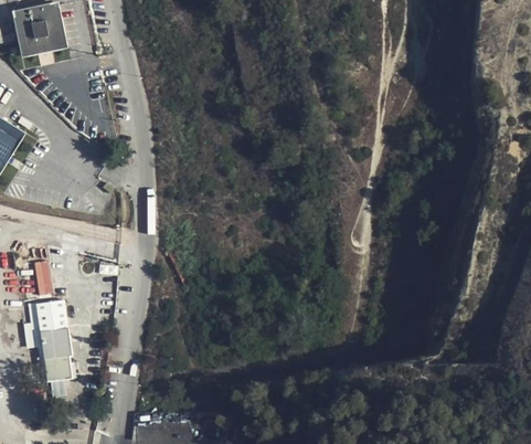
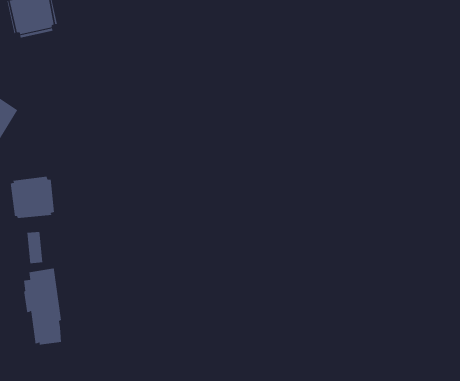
building: none -> [10,176,54,219]

